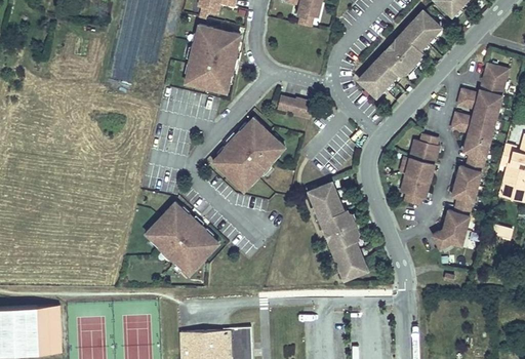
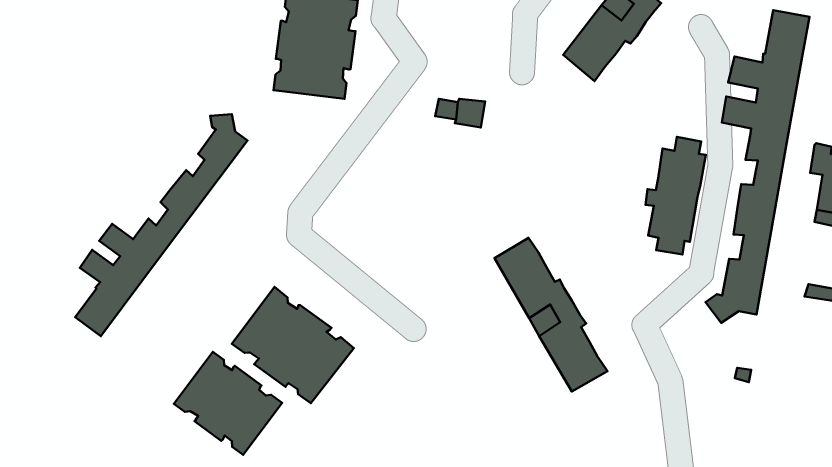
building: none -> [75,114,248,336]
building: [212,117,284,190] -> none
building: none -> [174,352,282,455]

